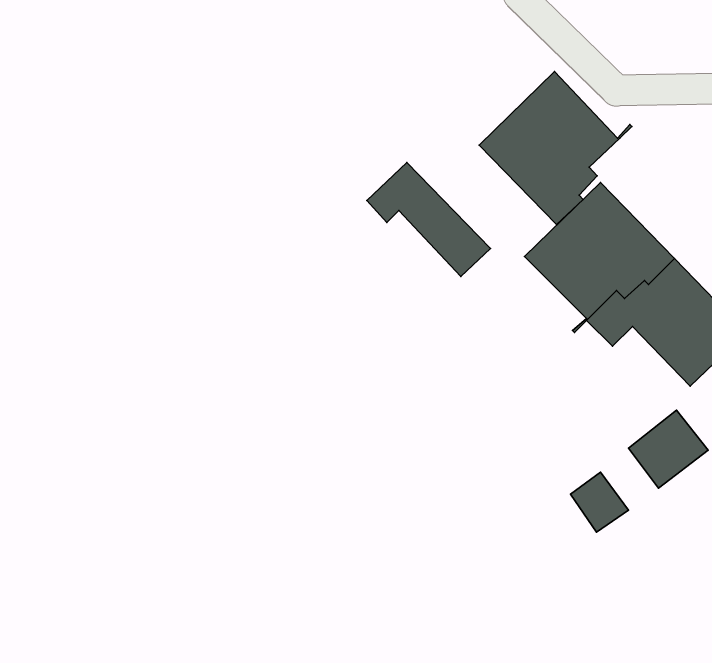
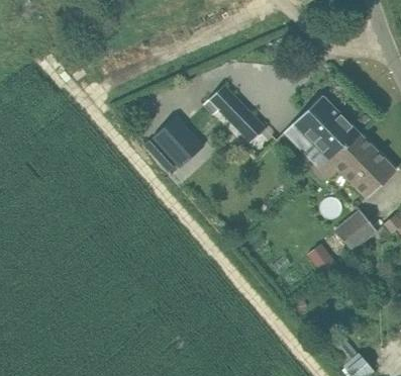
building: [479,72,632,225] -> none
building: none -> [153,116,205,169]

